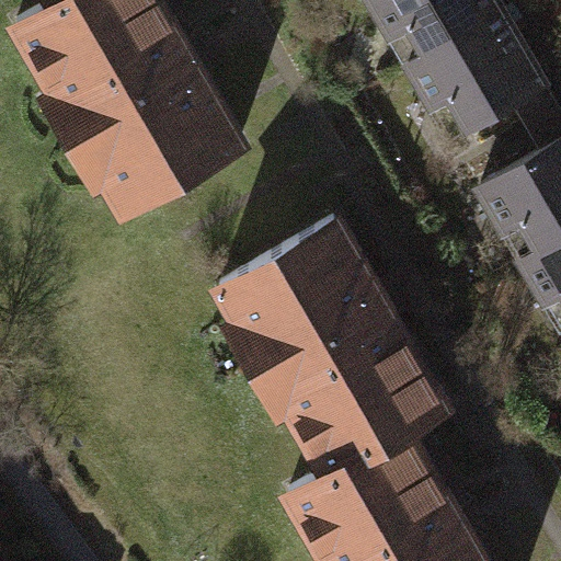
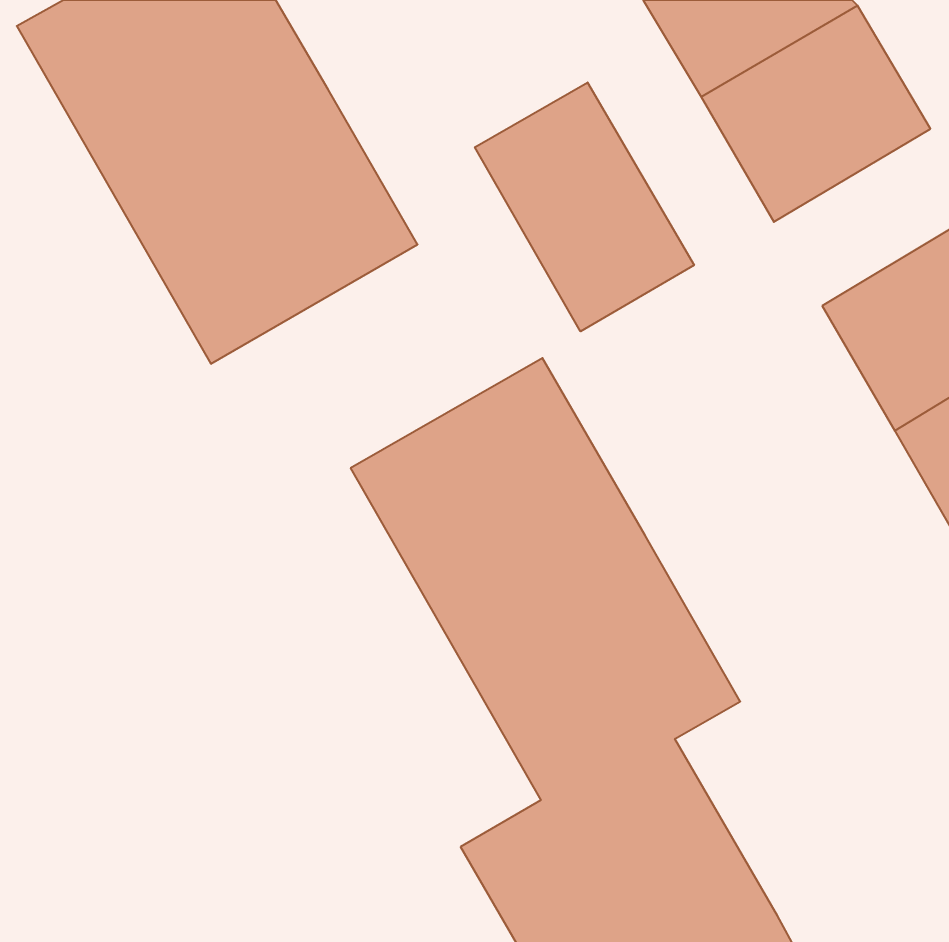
building: none -> [475,82,694,331]

